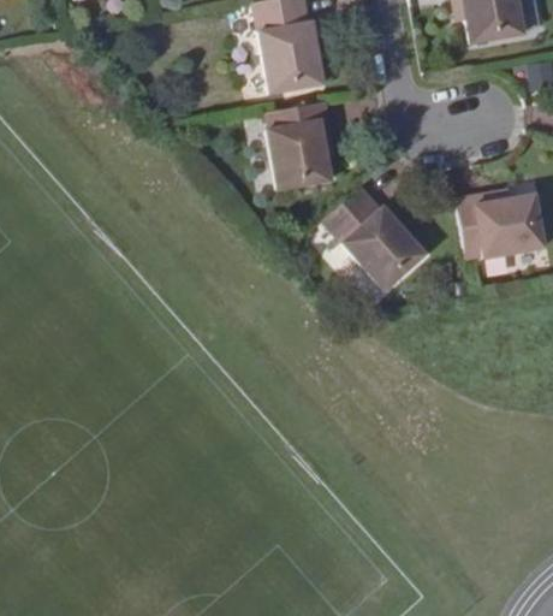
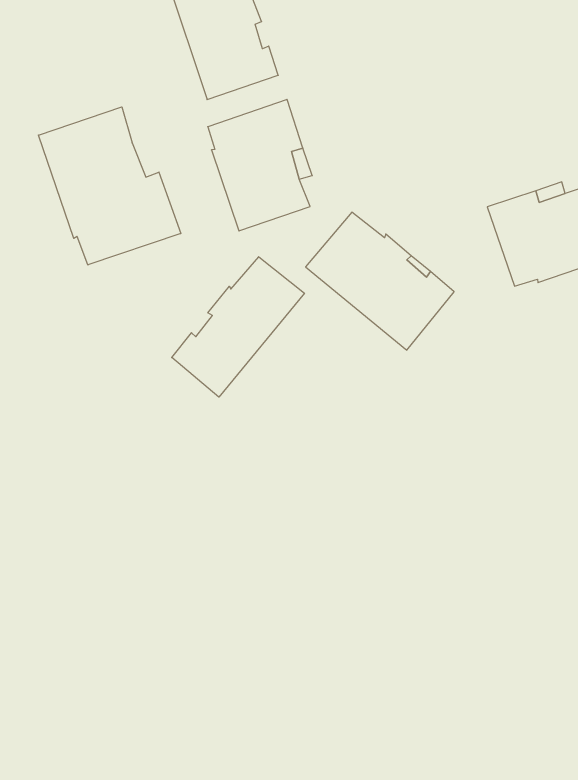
building: none -> [38,107,181,265]
building: none -> [172,257,304,397]

